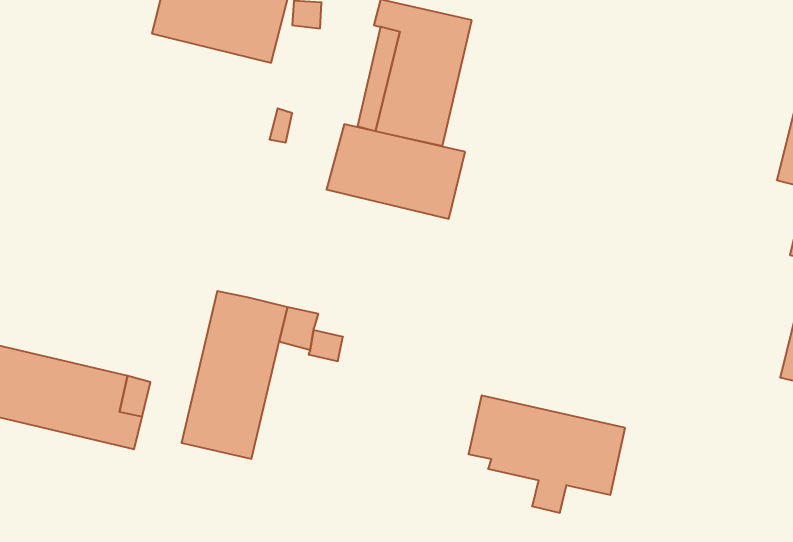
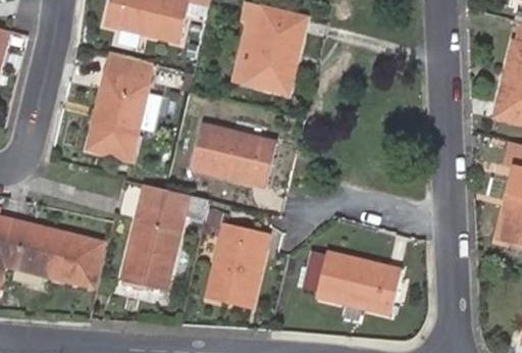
building: none -> [88,53,161,161]
building: [326,124,465,219] -> [191,125,277,185]
building: none -> [208,223,268,308]

